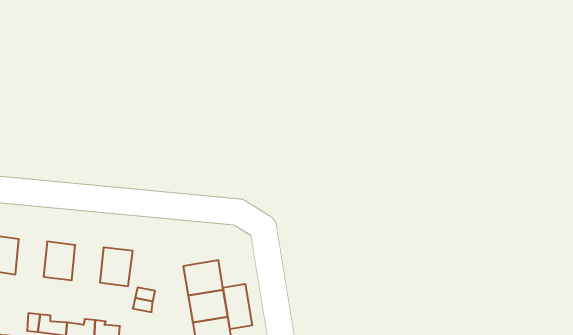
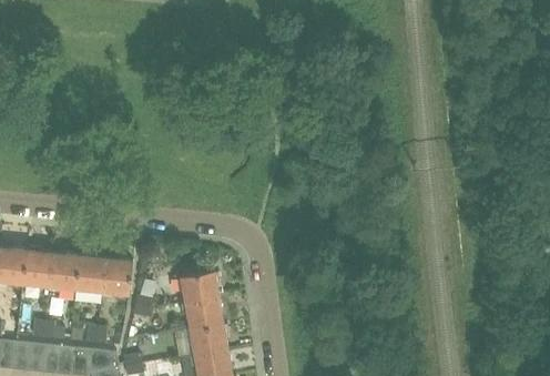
building: none -> [21,251,51,286]
building: none -> [74,256,104,292]
building: [223,284,252,329] -> none

